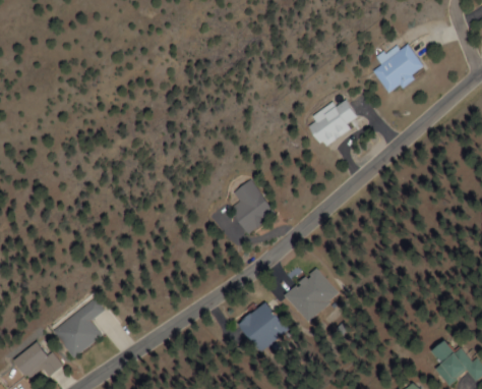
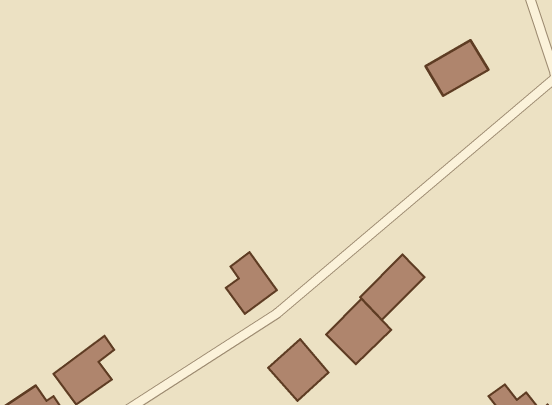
building: [305,96,357,148] -> none
building: [229,179,273,232] -> [226,252,277,314]
building: none -> [360,255,424,320]

